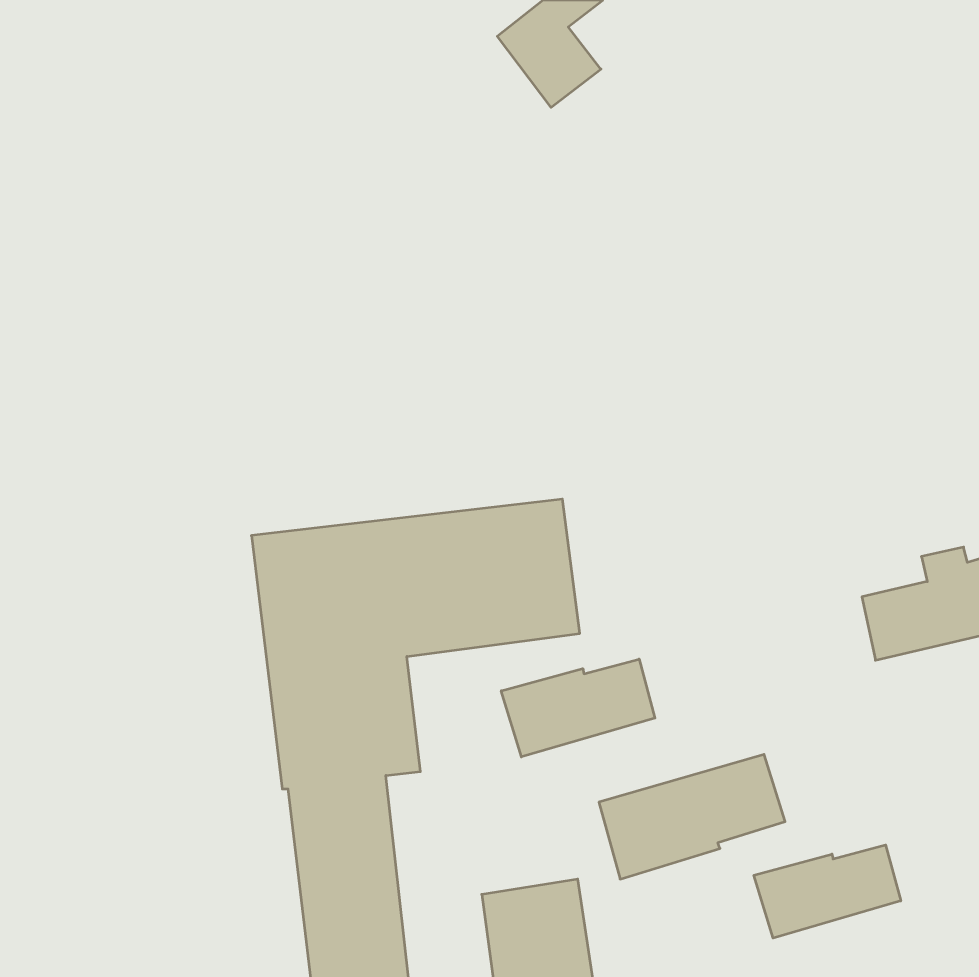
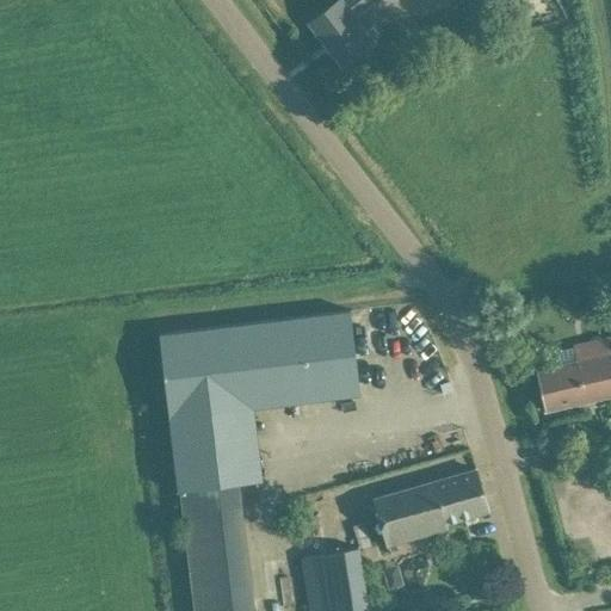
building: [501,659,655,757] -> none
building: [754,845,901,938] -> none

